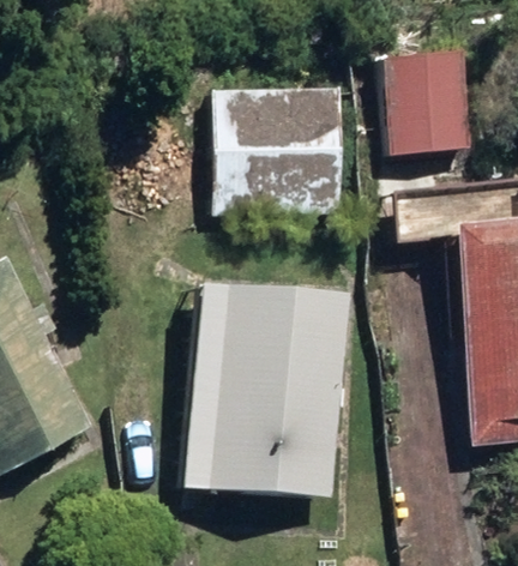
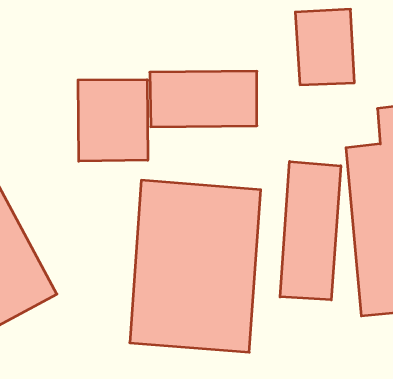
building: none -> [78,80,148,161]
building: none -> [280,161,341,300]

